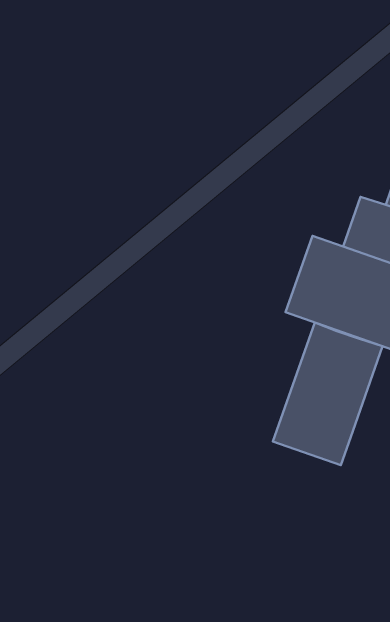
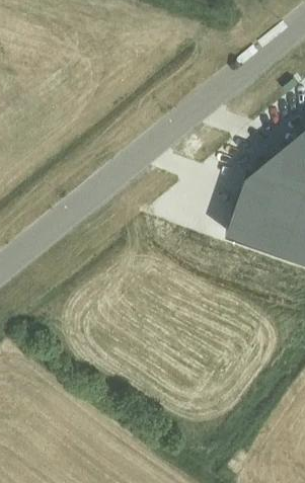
building: [273,322,383,465] -> none

